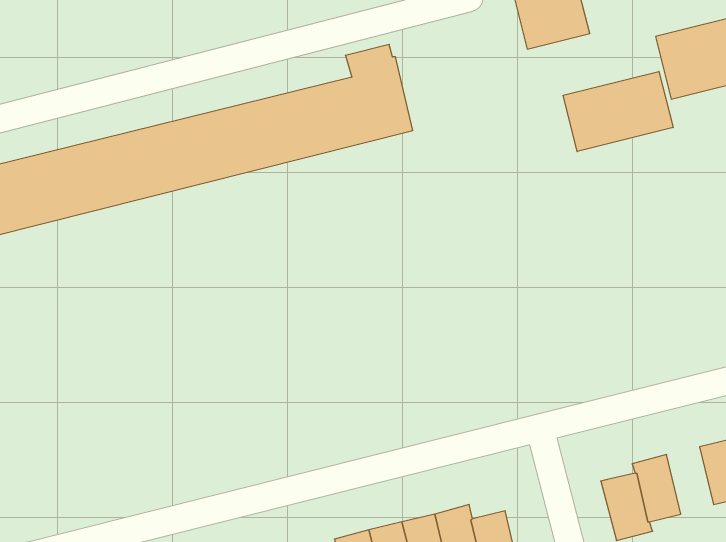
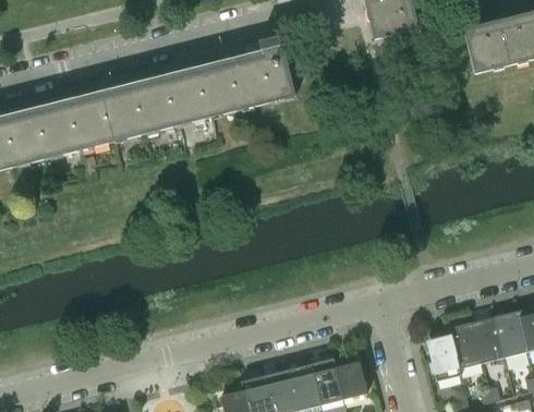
building: [563,71,673,152] -> none
building: none -> [472,316,505,363]

